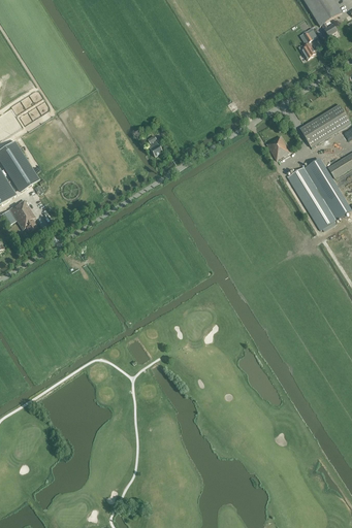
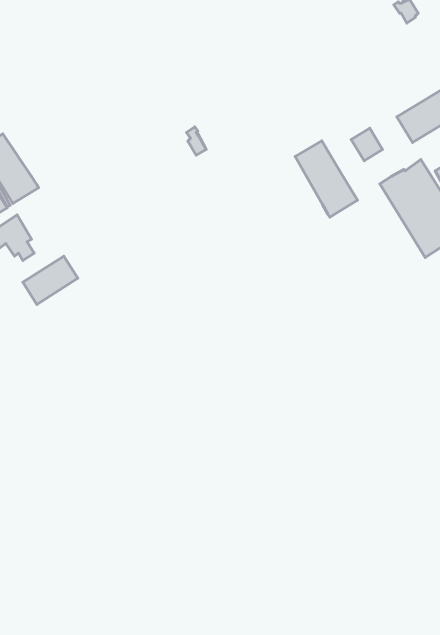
building: none -> [295,141,357,217]
building: none -> [23,256,78,304]

